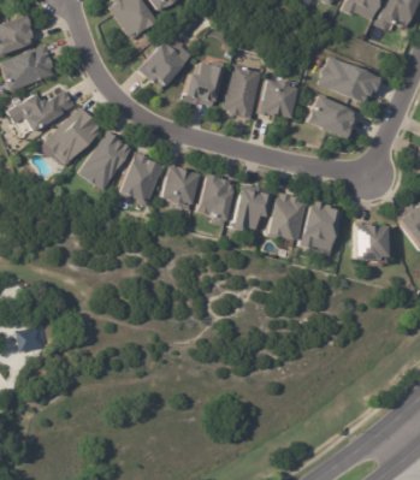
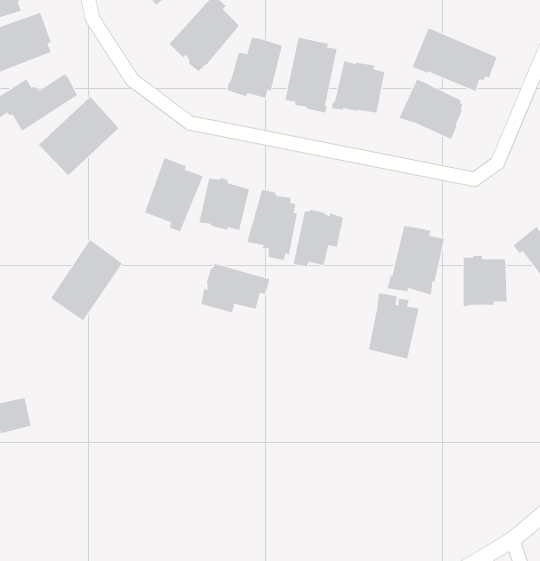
building: [79,130,132,190] -> [50,239,123,321]
building: [266,192,303,241] -> [368,293,419,359]
building: none -> [201,263,270,313]

